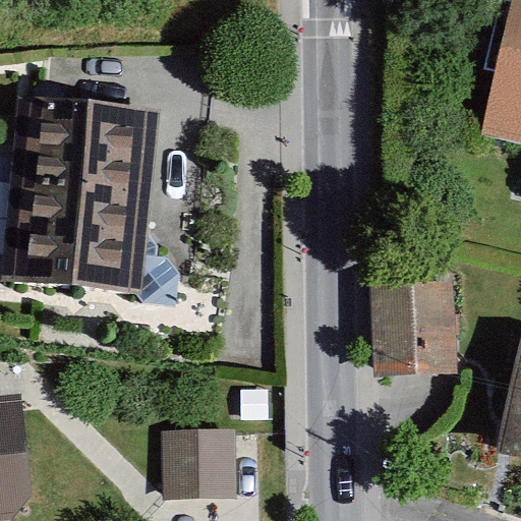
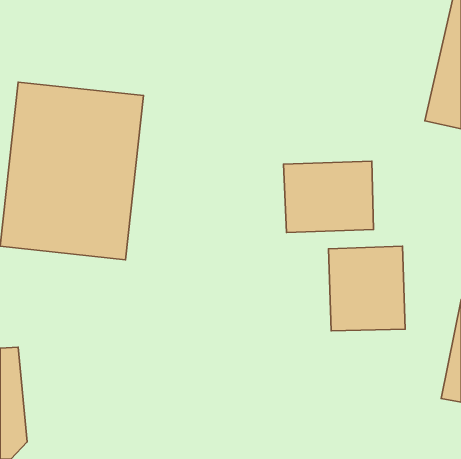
building: none -> [284,161,374,232]
building: [162,427,237,499] -> none

